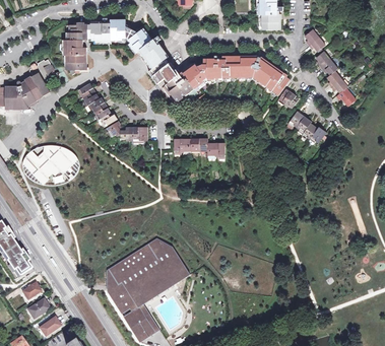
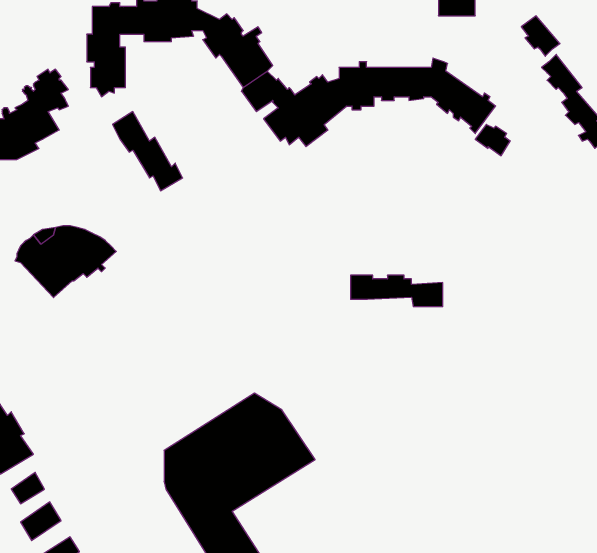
building: [288,111,328,143] -> none
building: [107,121,147,140] -> none
building: [174,138,224,155] -> [351,275,443,307]

